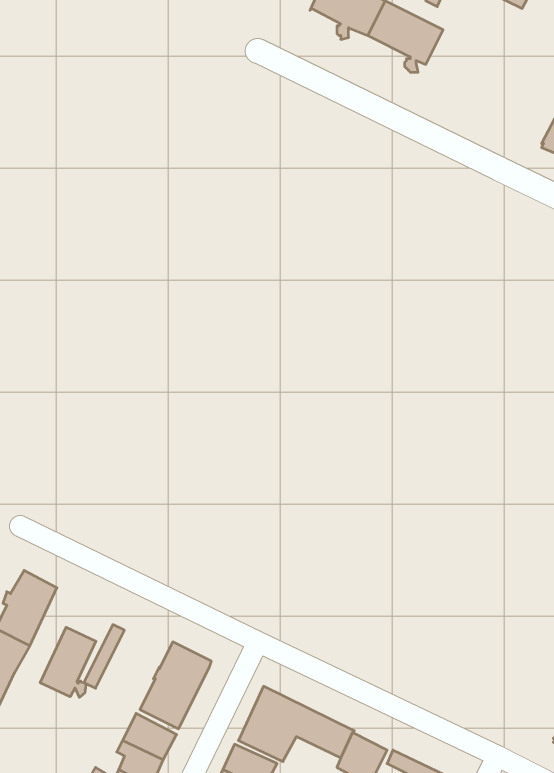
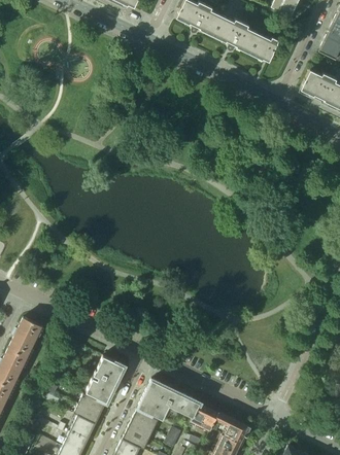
building: none -> [238,29,278,63]
building: [40,627,96,697] -> none

